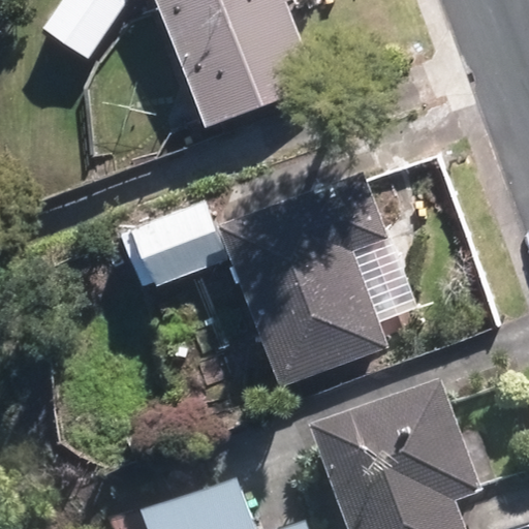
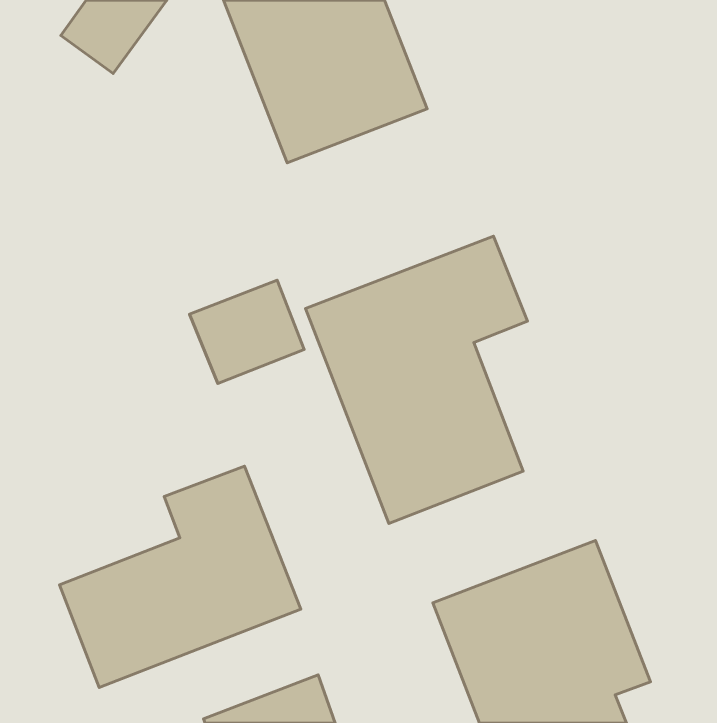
building: none -> [59,466,301,688]

